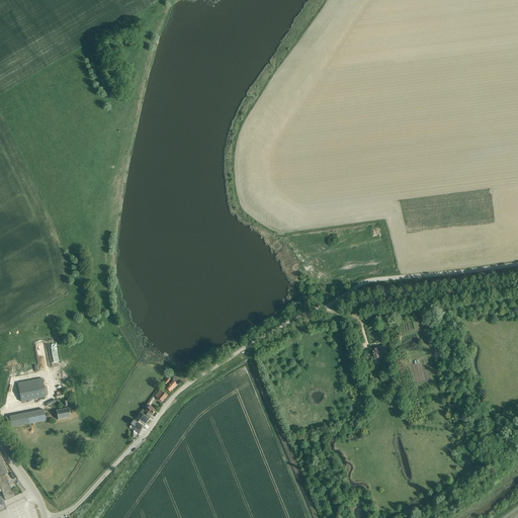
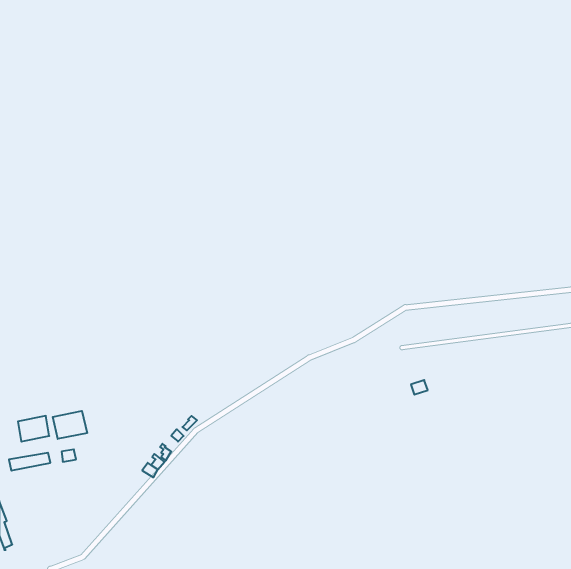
building: none -> [53,411,87,439]

